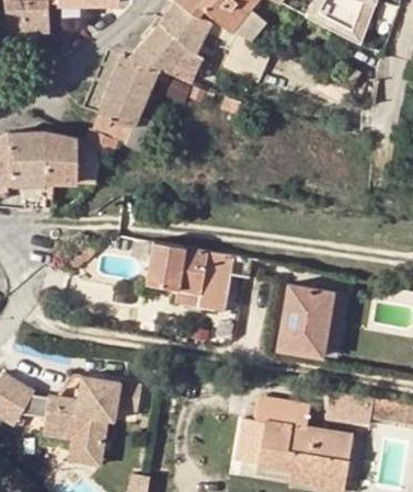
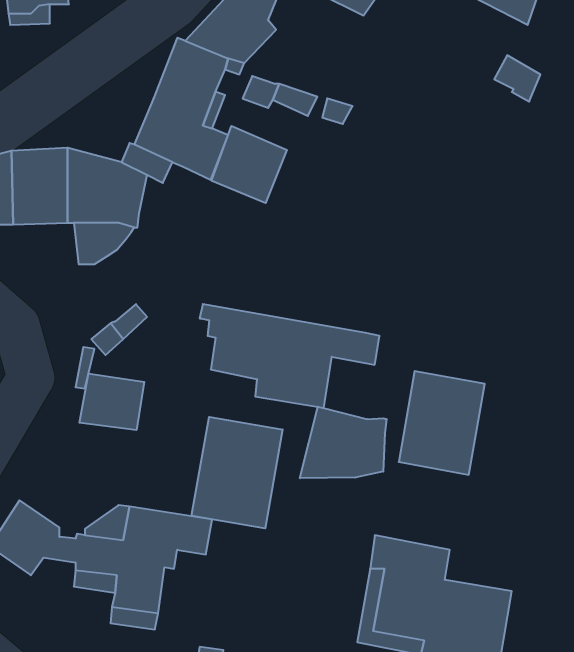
building: none -> [211,126,287,203]
building: none -> [79,373,144,430]
building: none -> [300,407,387,478]
building: none -> [192,417,283,528]

